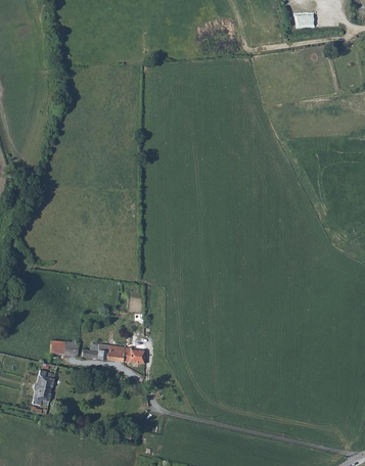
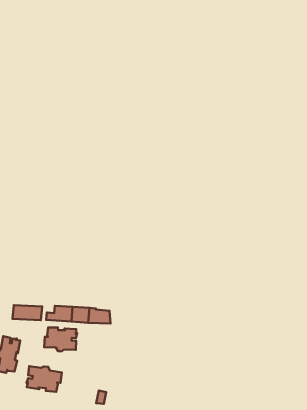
building: none -> [44,327,77,351]
building: none -> [26,366,62,392]

